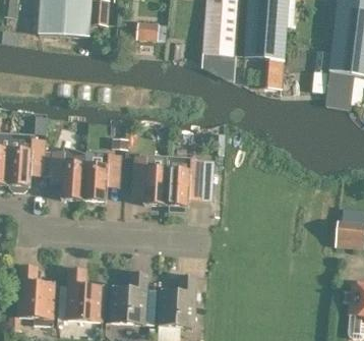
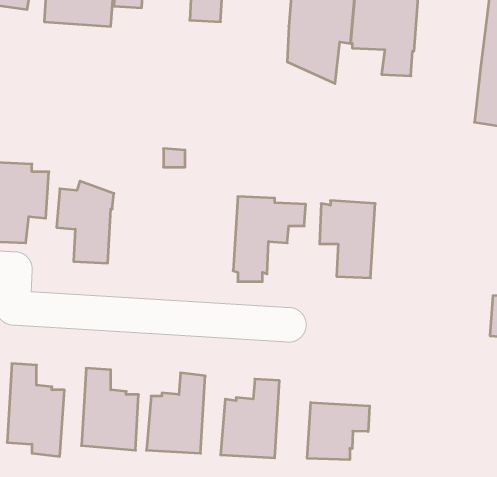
building: [83,153,121,201] -> none
building: [132,153,169,204] -> [320,201,375,278]
building: none -> [307,402,370,460]

